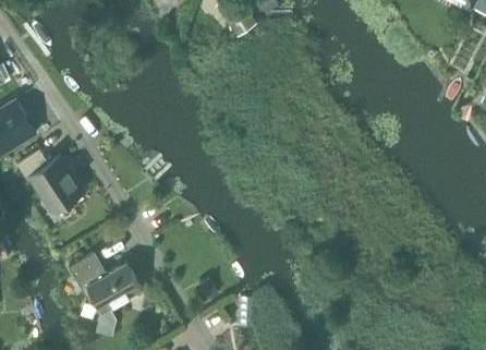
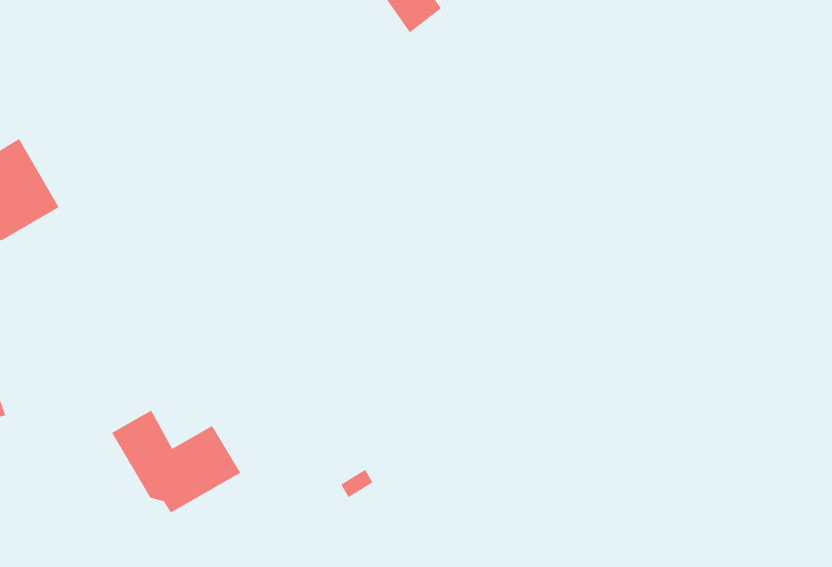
building: [17,150,84,213] -> none

